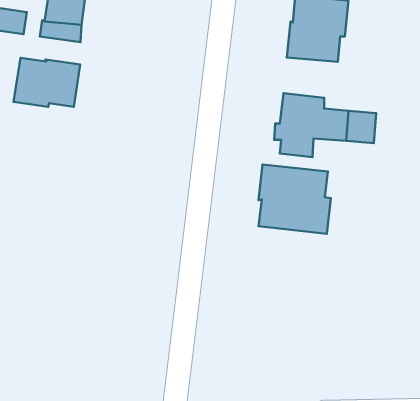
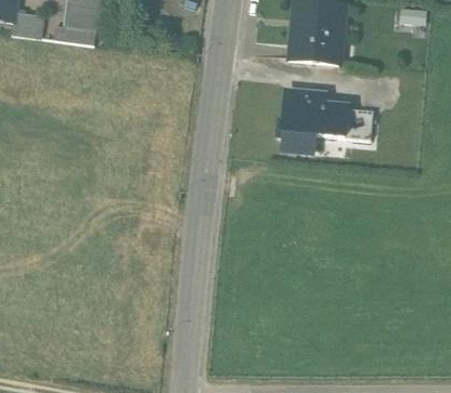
building: [14,58,80,107] -> none
building: [259,164,331,234] -> none

